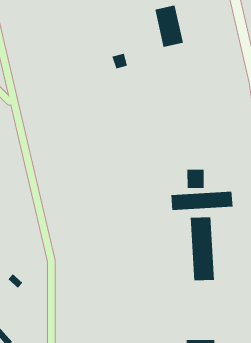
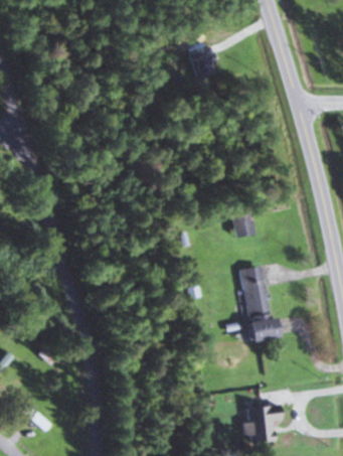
building: [171,191,233,211] -> none

